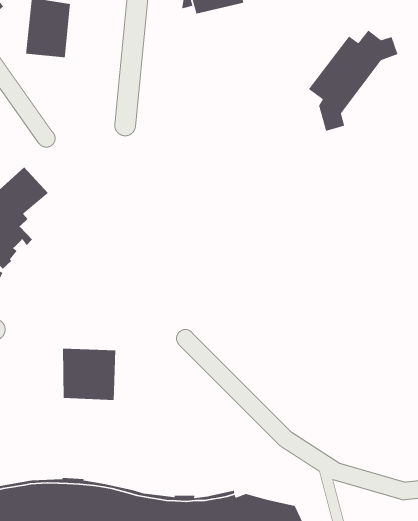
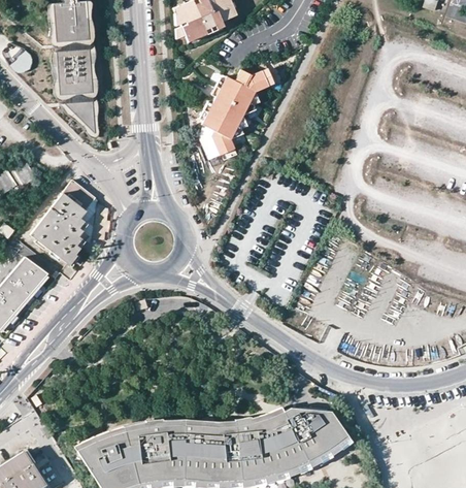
building: [308,29,398,132] -> [201,69,267,155]
building: none -> [65,101,95,133]
building: [62,348,116,401] -> none

